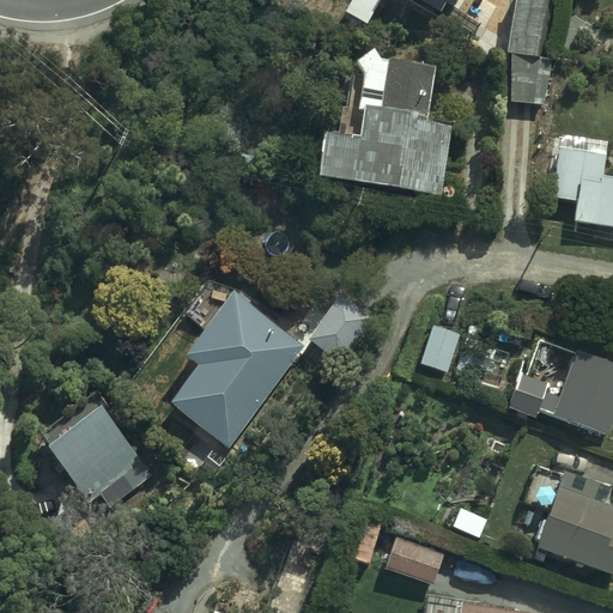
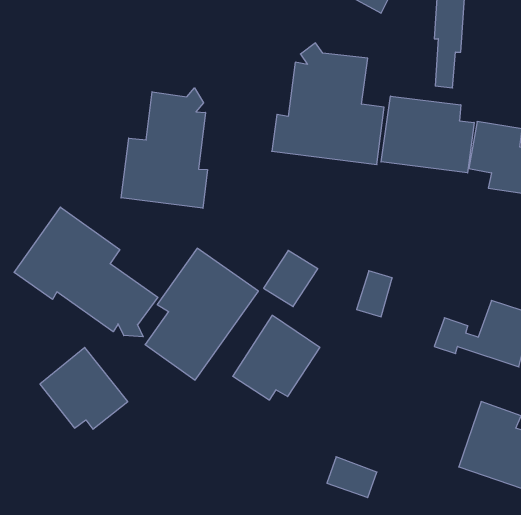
building: none -> [121,88,207,208]
building: none -> [381,96,474,173]
building: none -> [14,207,158,337]
building: none -> [233,315,320,400]

